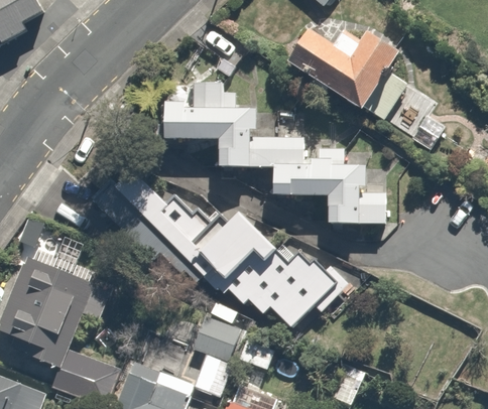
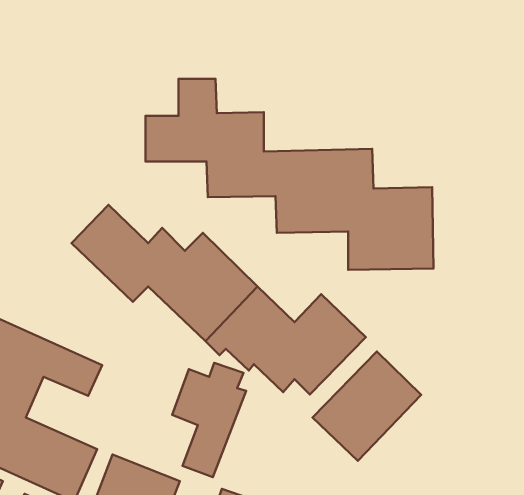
building: [285,26,451,147] -> none
building: none -> [312,351,421,461]

